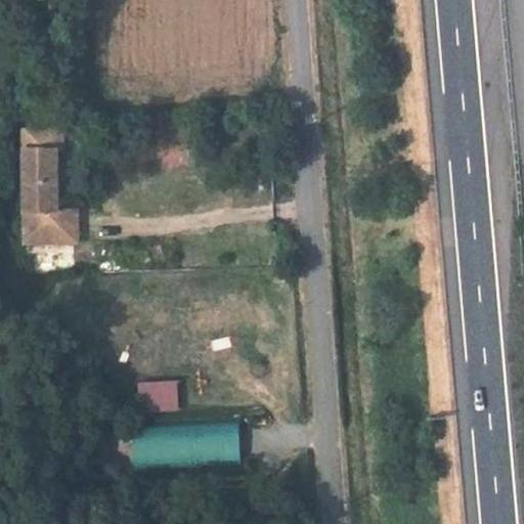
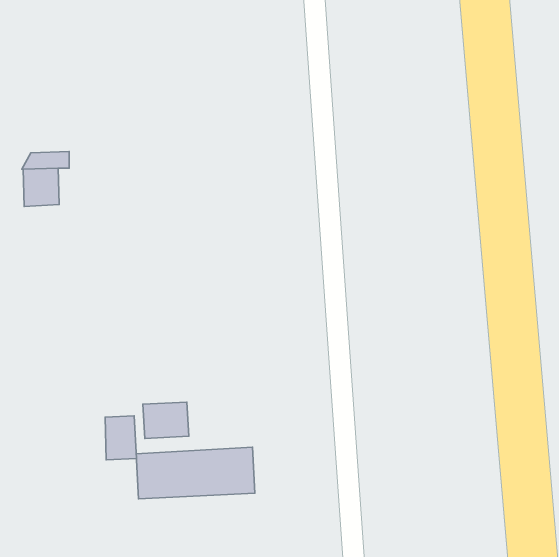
building: [23,190,80,247] -> none
building: none -> [105,416,136,460]

